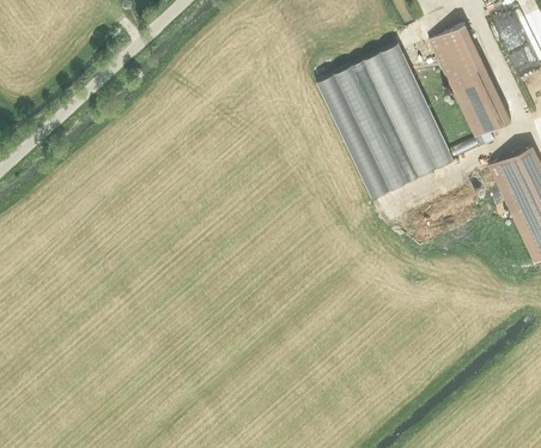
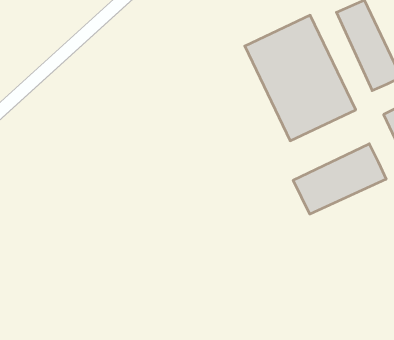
building: none -> [293,144,386,214]

